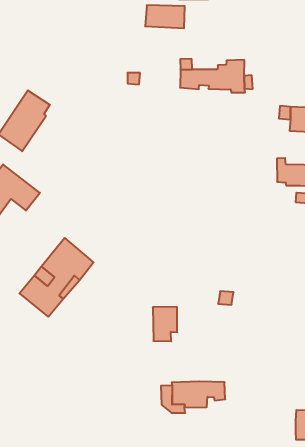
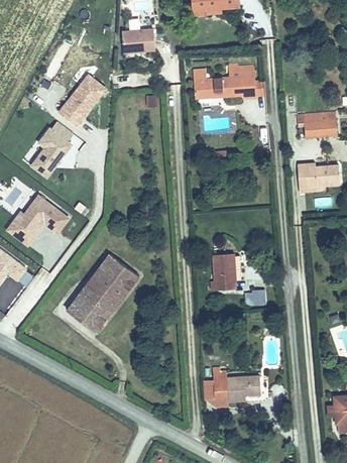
building: [145,5,185,28] -> [114,31,151,53]
building: none -> [57,67,108,121]
building: [153,307,177,341] -> [214,255,239,290]

